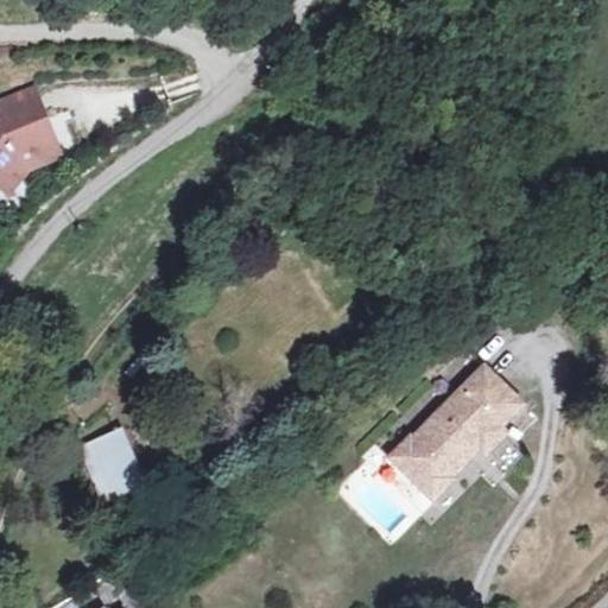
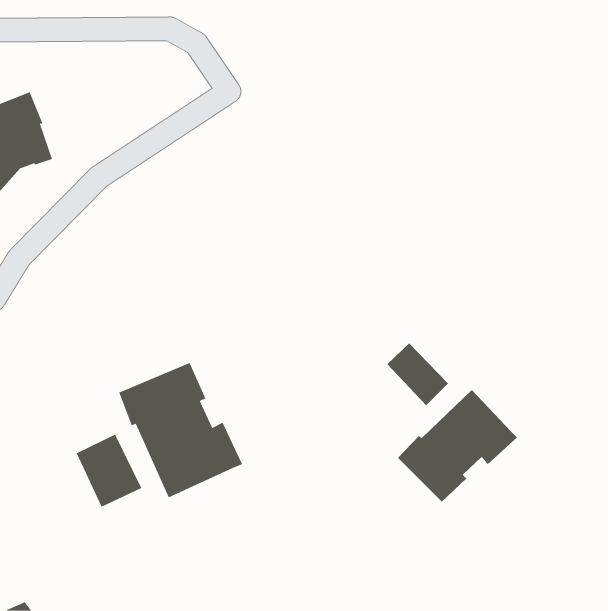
building: none -> [119,362,243,498]
building: [466,362,527,425] -> [386,342,449,406]

